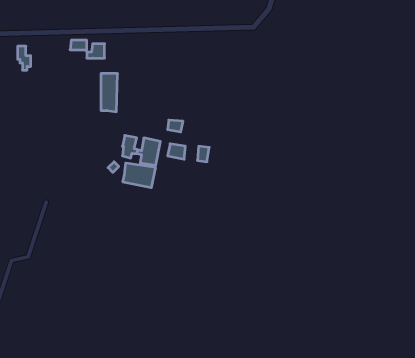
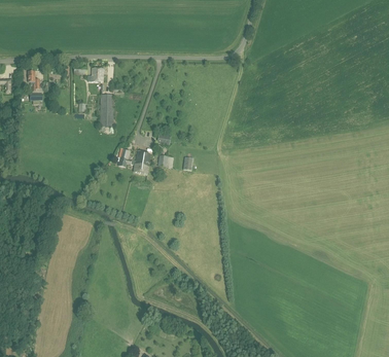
building: [123,163,155,188] -> none

